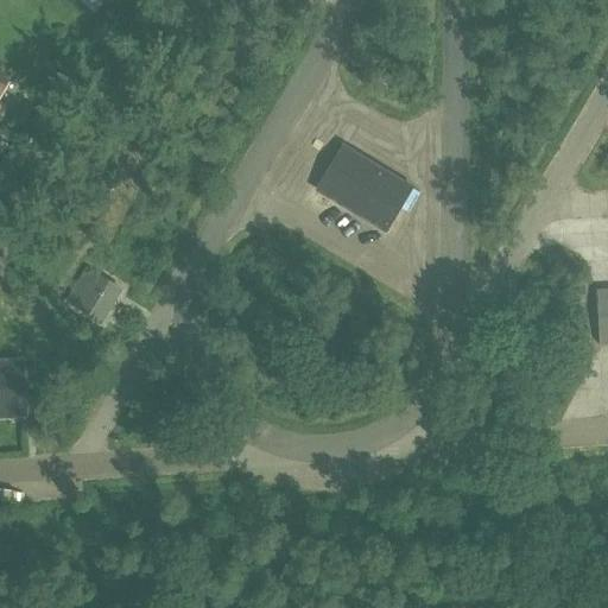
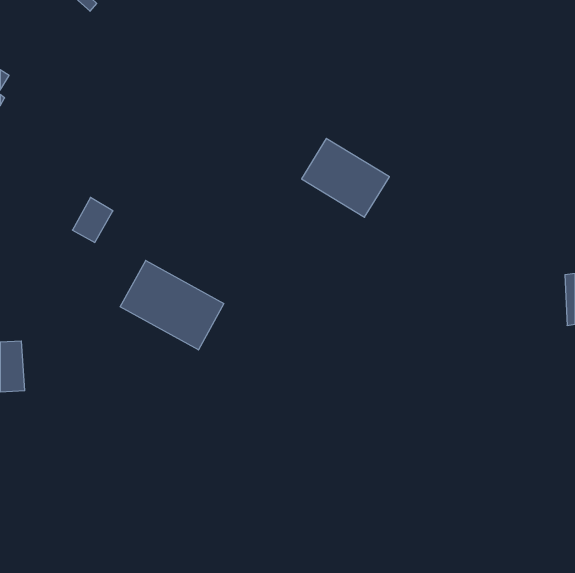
building: [77,273,120,321] -> [72,197,113,242]
building: none -> [120,260,224,350]

